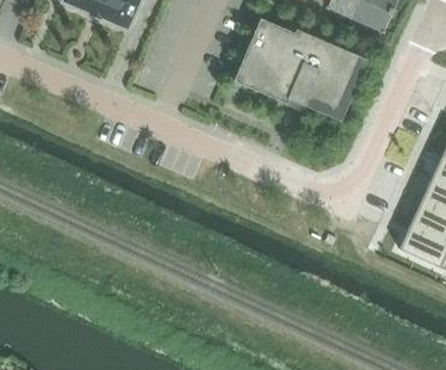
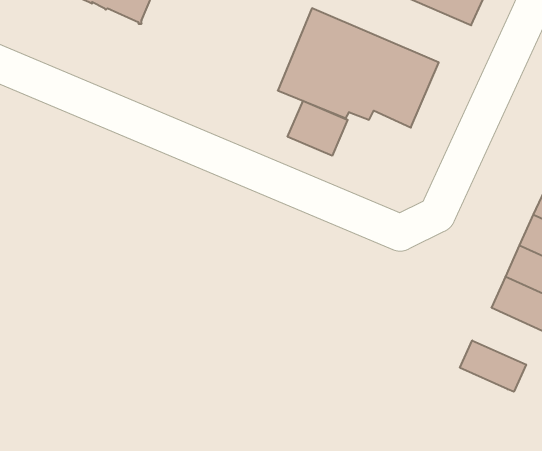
building: none -> [288,101,348,156]
building: none -> [460,340,526,392]

